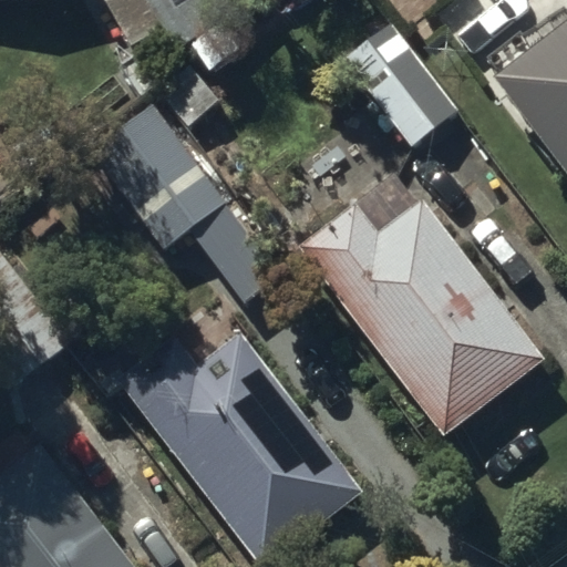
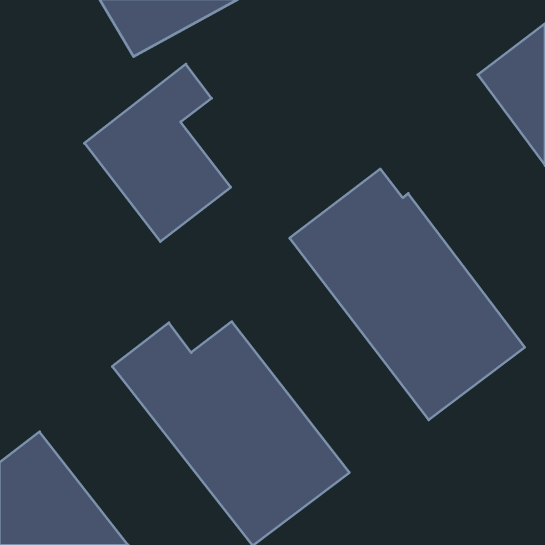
building: [343,23,458,146] -> none

